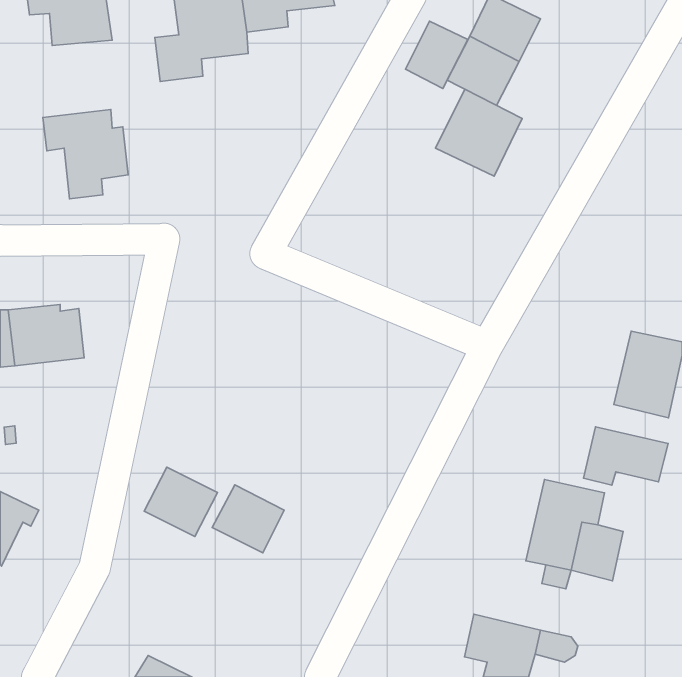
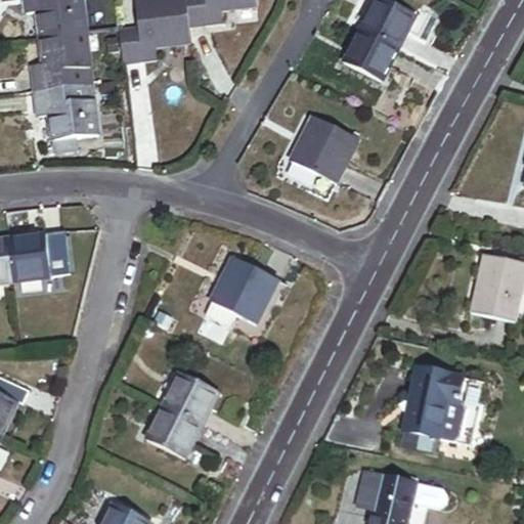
building: [405,21,468,88] -> none
building: none -> [30,31,90,90]
building: [435,89,522,176] -> [292,116,358,182]
building: none -> [205,256,278,328]
building: [583,427,668,485] -> none
building: [144,467,218,537] -> [145,404,202,457]

